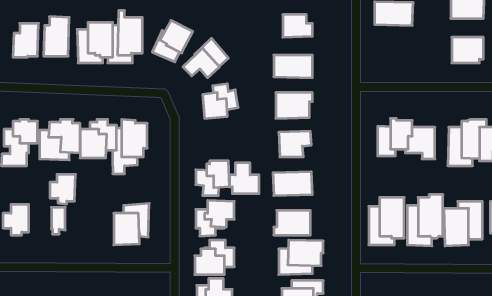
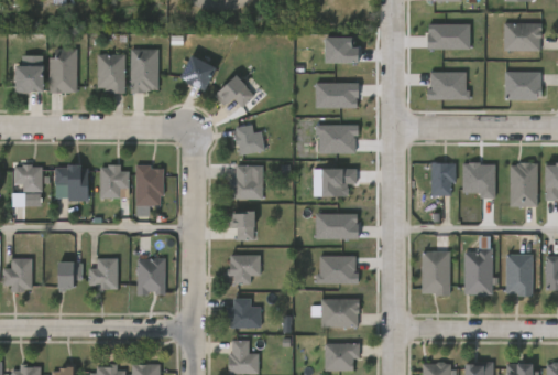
building: none -> [426,74,464,101]
building: [229,163,259,194] -> [238,158,271,192]
building: [50,174,76,204] -> [97,251,125,285]

